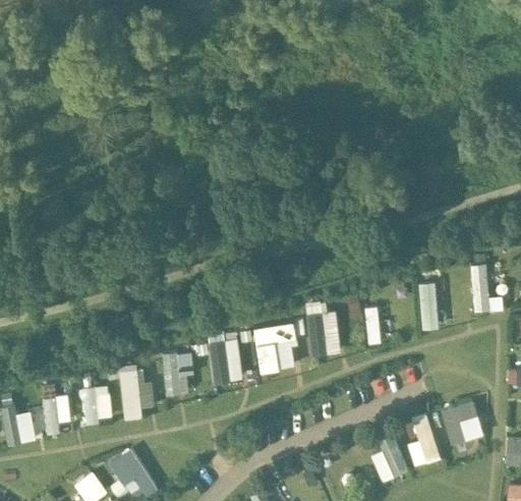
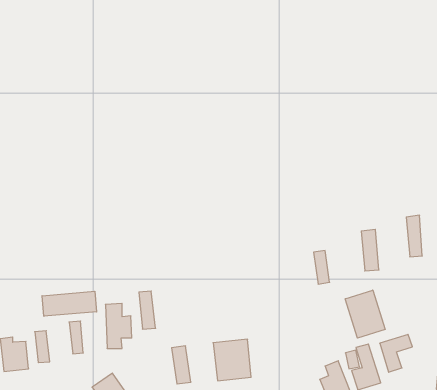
building: [307,313,328,355] -> none
building: [254,323,298,371] -> [213,339,251,381]
building: [209,340,231,384] -> [172,346,191,384]
building: none -> [345,290,385,338]
building: none -> [42,291,97,316]

